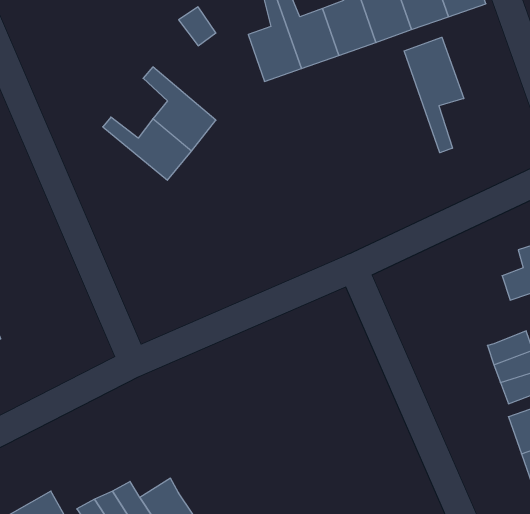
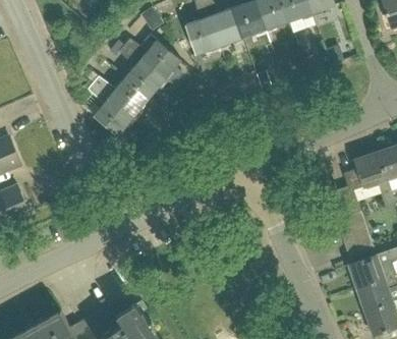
building: [404,37,464,153] -> none
building: none -> [124,35,180,78]
building: none -> [87,82,133,135]

